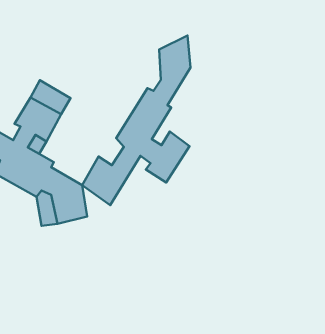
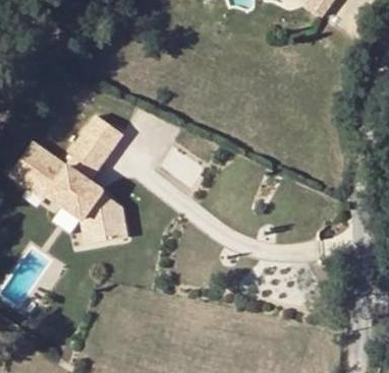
building: [82,35,191,205] -> none

